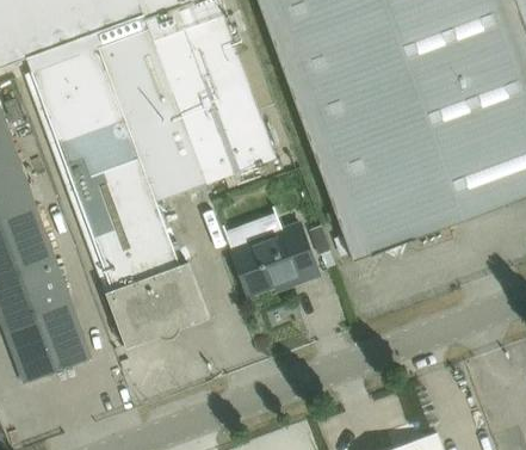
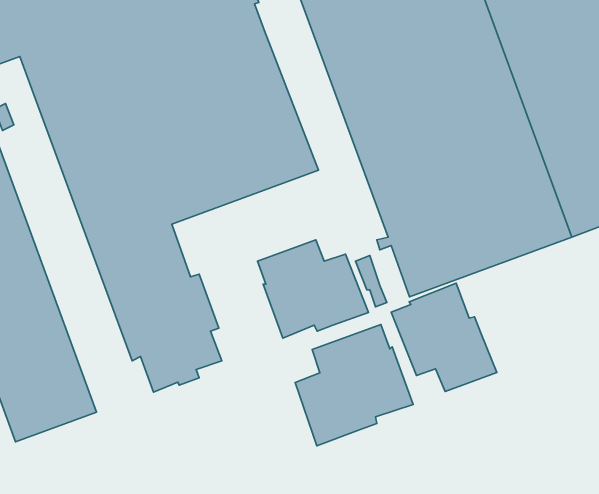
building: none -> [391,283,497,392]
building: none -> [295,324,413,446]

